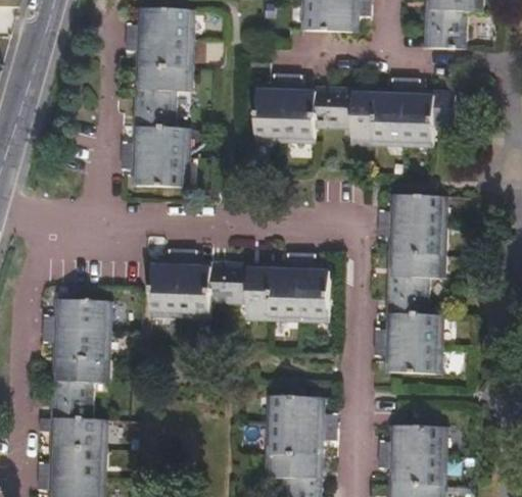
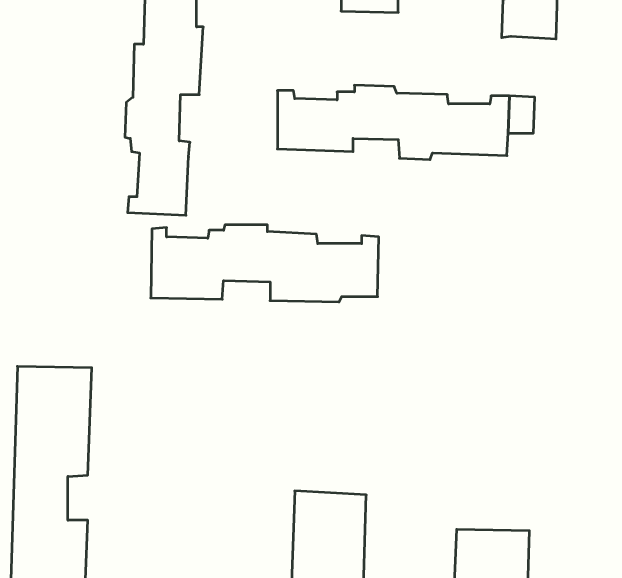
building: [386,193,444,372] -> none
building: [150,261,326,320] -> [151,225,379,302]

